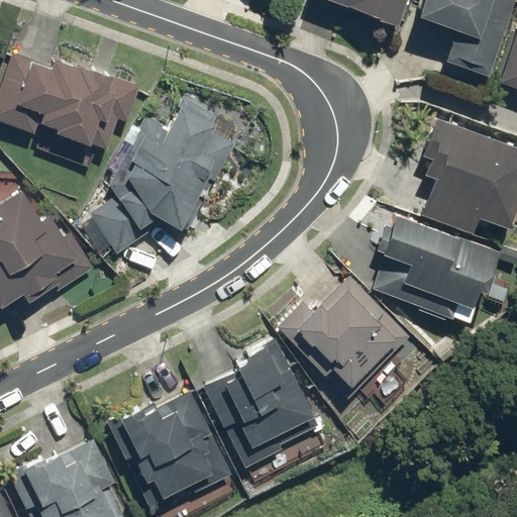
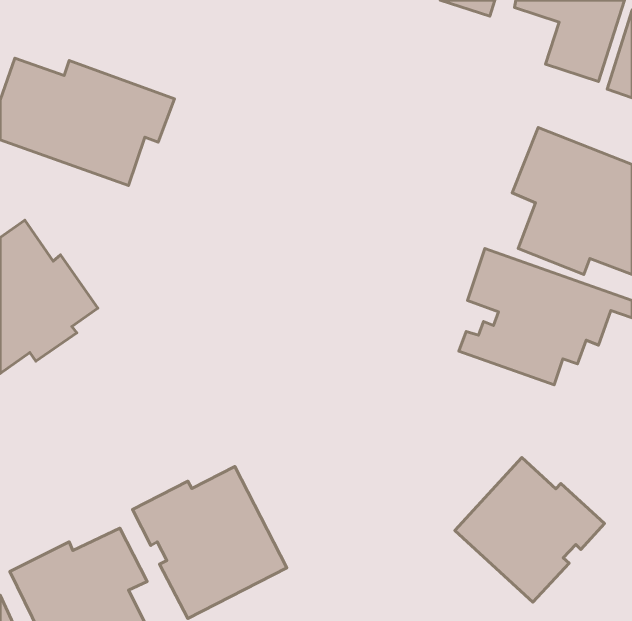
building: [90,104,218,257] -> none
building: [276,278,406,399] -> none
building: [202,341,314,474] -> none
building: none -> [455,458,604,602]

